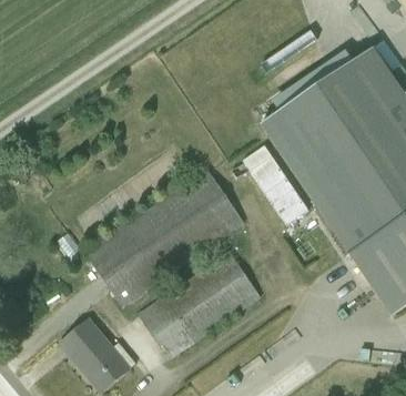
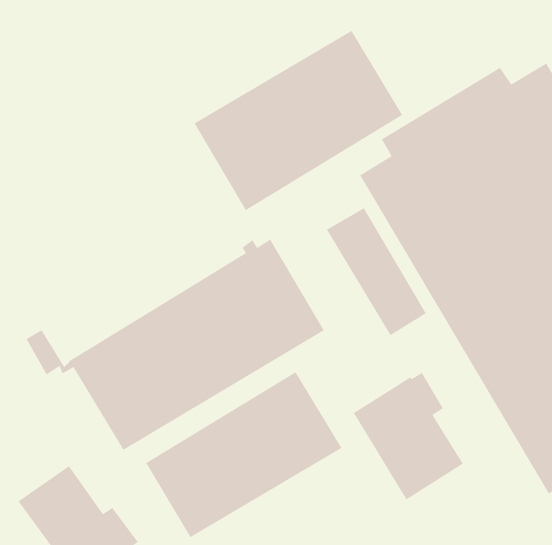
building: none -> [193,30,403,211]
building: none -> [353,372,464,501]

